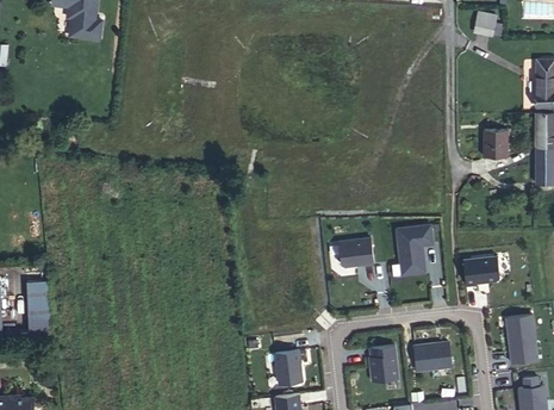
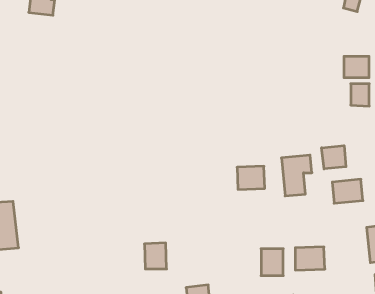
building: none -> [344,56,369,78]
building: none -> [322,146,346,169]
building: [273,348,301,381] -> [144,243,167,269]

